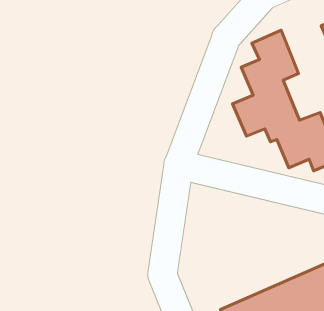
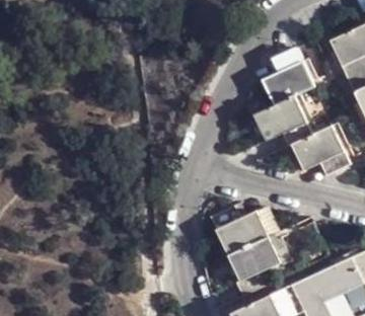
building: none -> [212,209,280,294]

